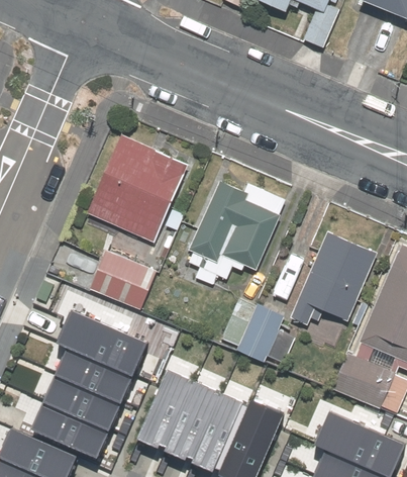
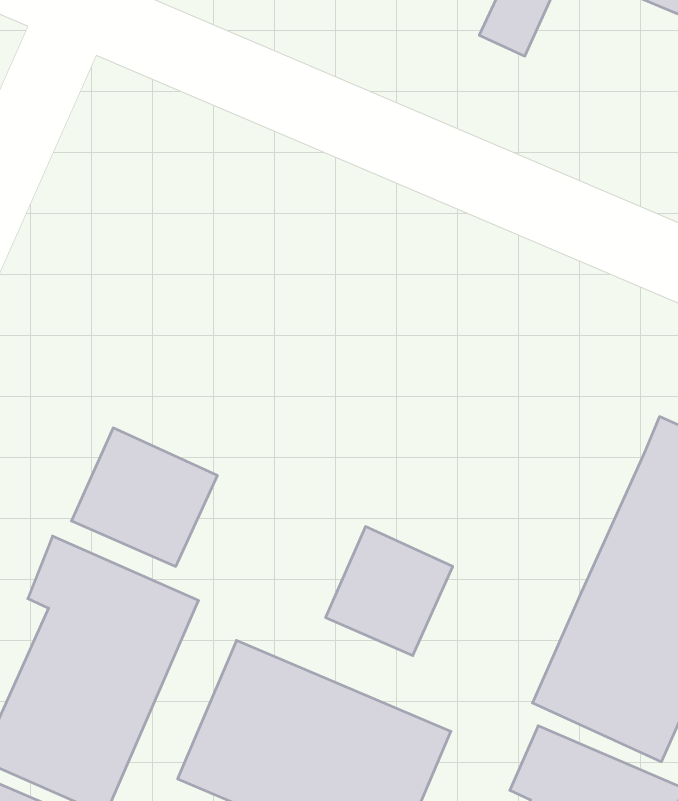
building: [72,126,195,250] -> none
building: [175,181,285,296] -> none
building: [285,233,387,335] -> none

